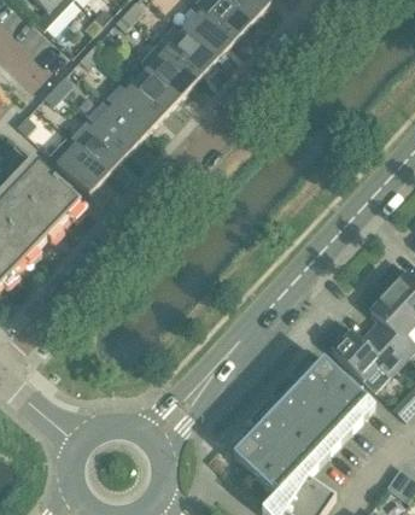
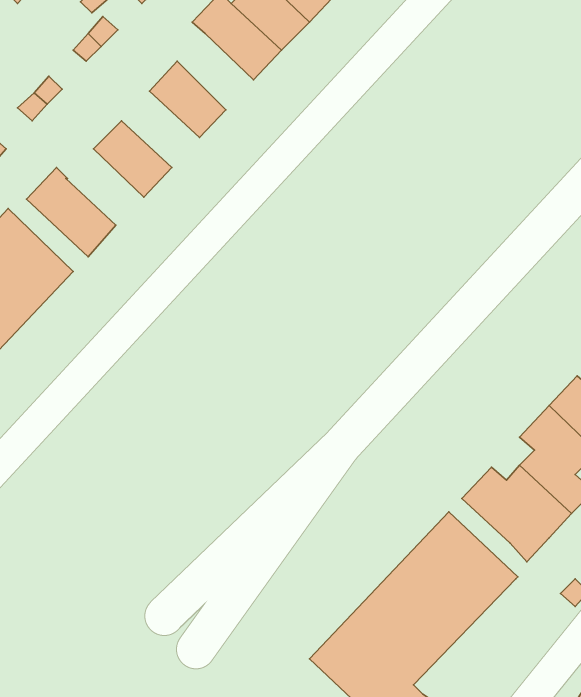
building: [147,48,197,98] -> none
building: [111,86,162,135] -> none
building: [75,123,125,172] -> none

